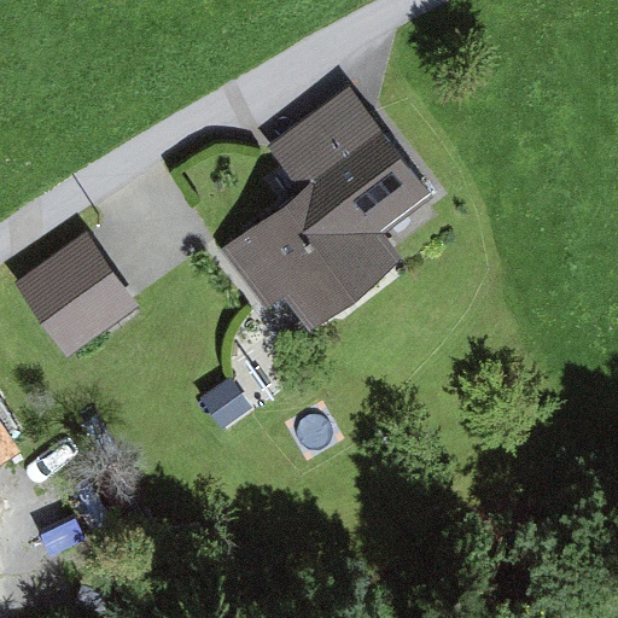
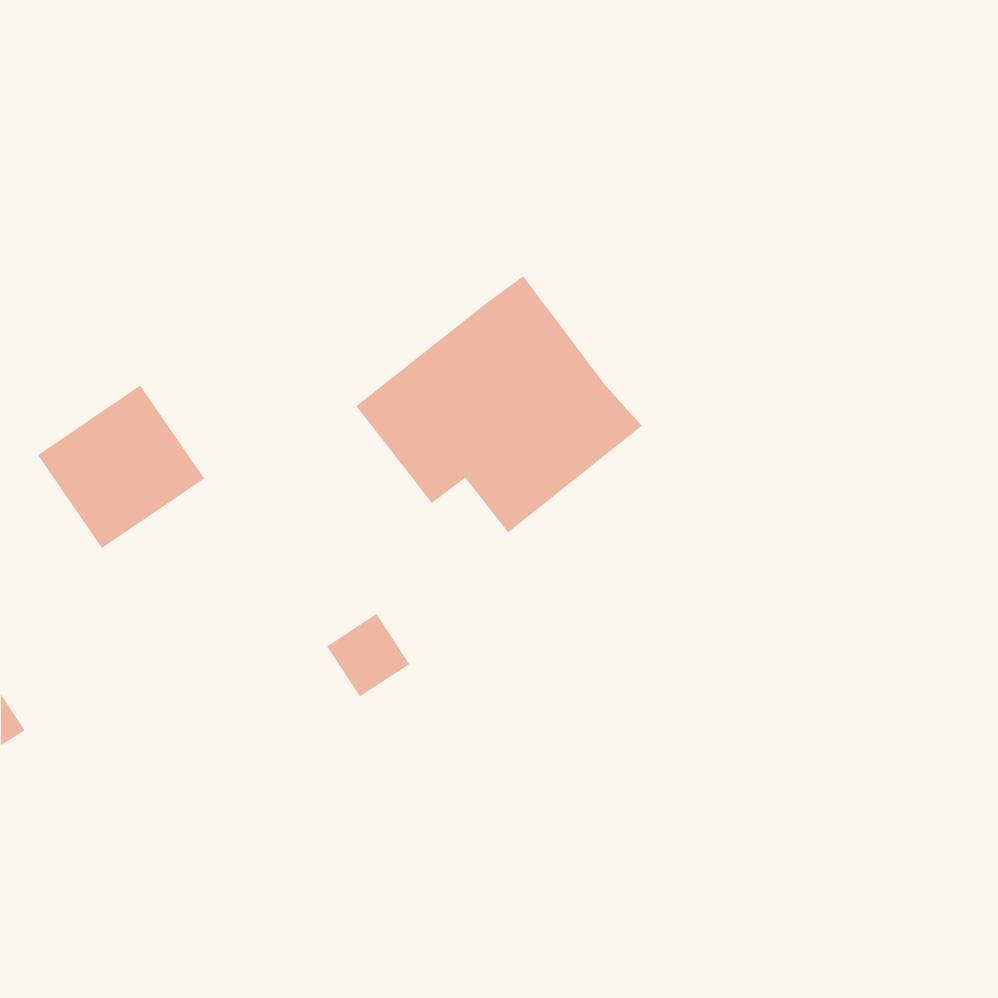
building: [272,88,432,239] -> none

